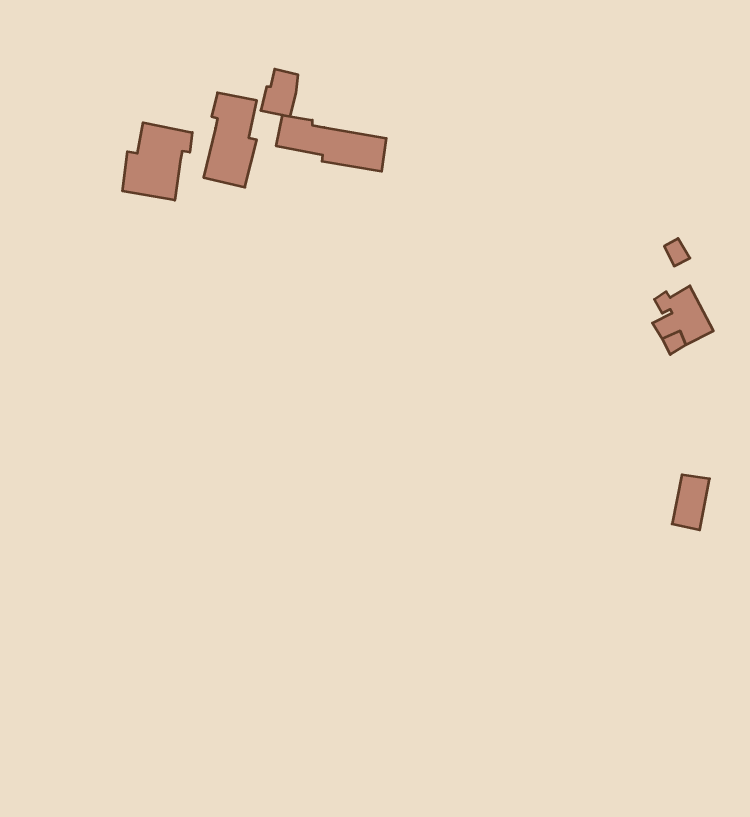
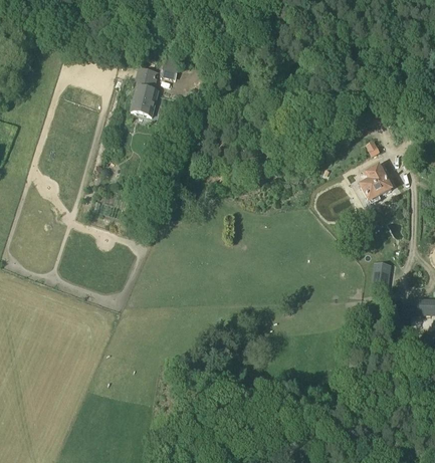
building: [276,115,386,171] -> none
building: [123,123,192,200] -> none

